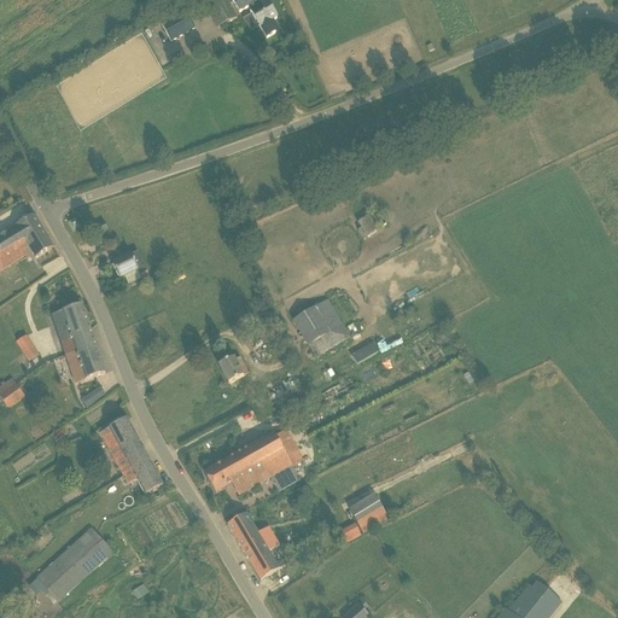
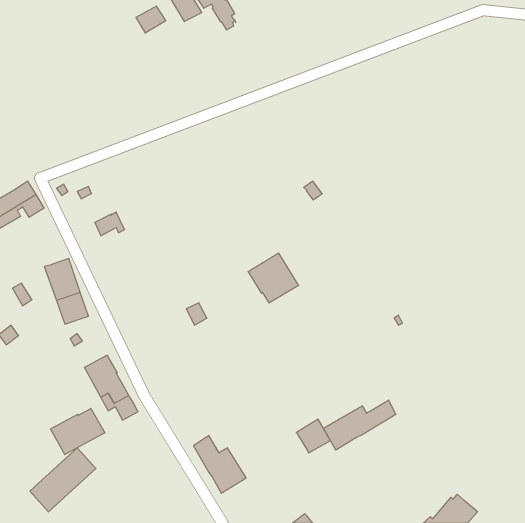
building: [203,431,291,492] -> none
building: none -> [323,400,396,450]
building: none -> [50,408,105,455]

